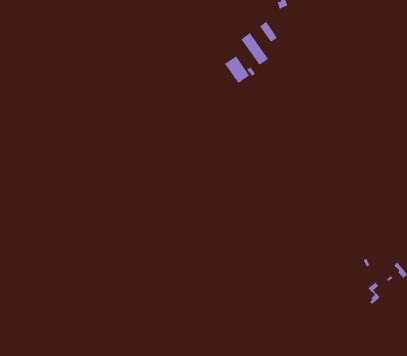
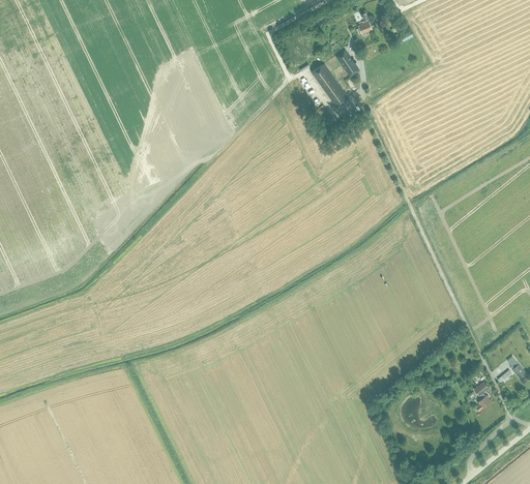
building: [224,56,250,84] -> none

